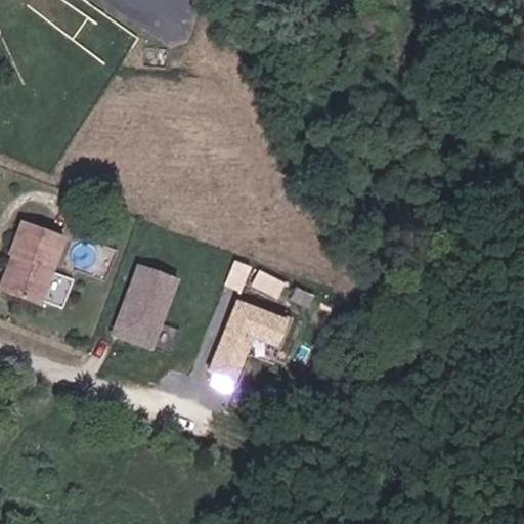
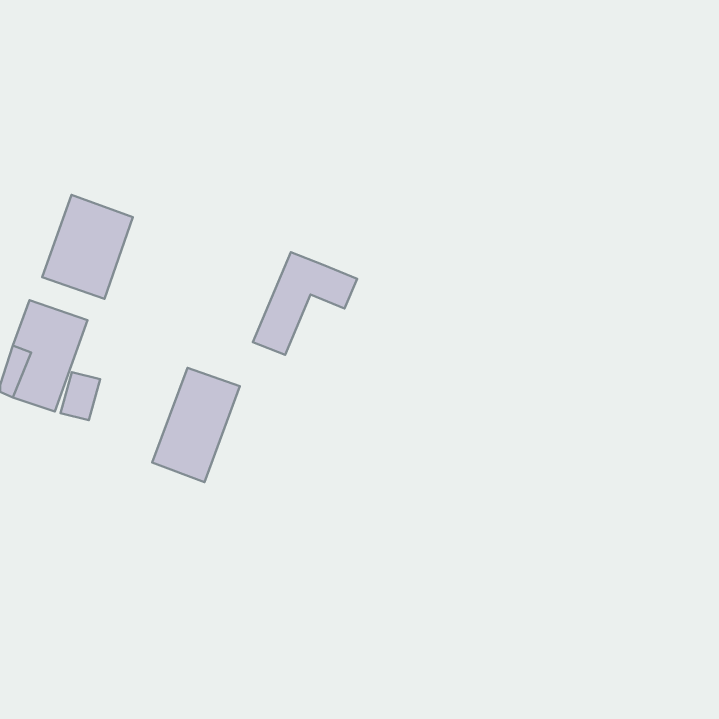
building: none -> [42,195,133,299]
building: [212,302,288,377] -> [253,252,357,355]

